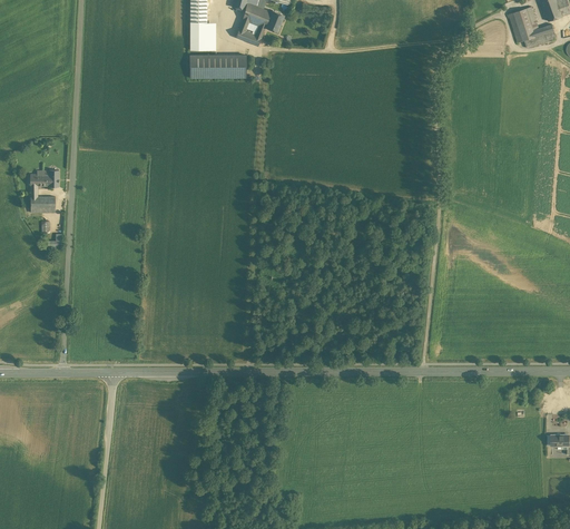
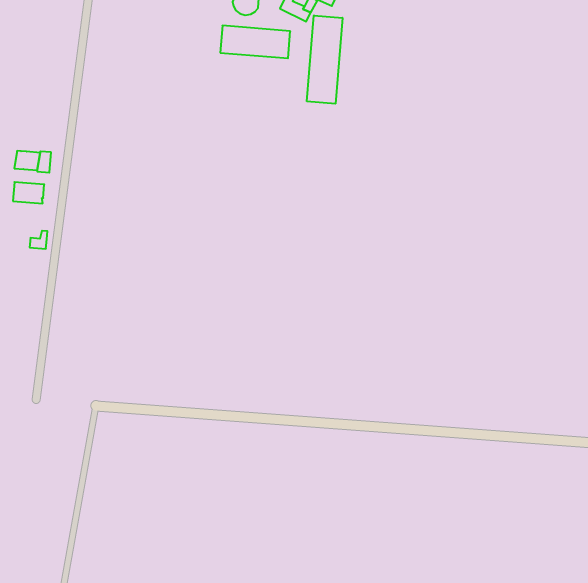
building: none -> [307,15,342,104]

